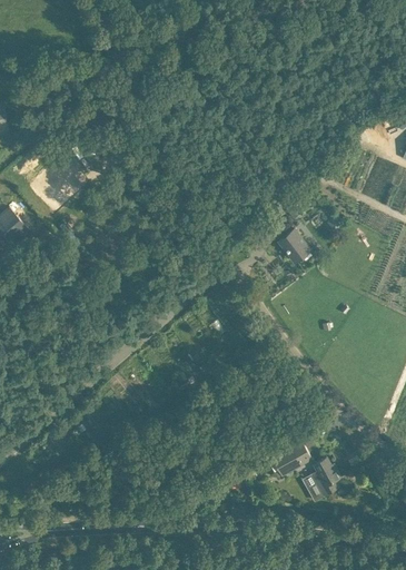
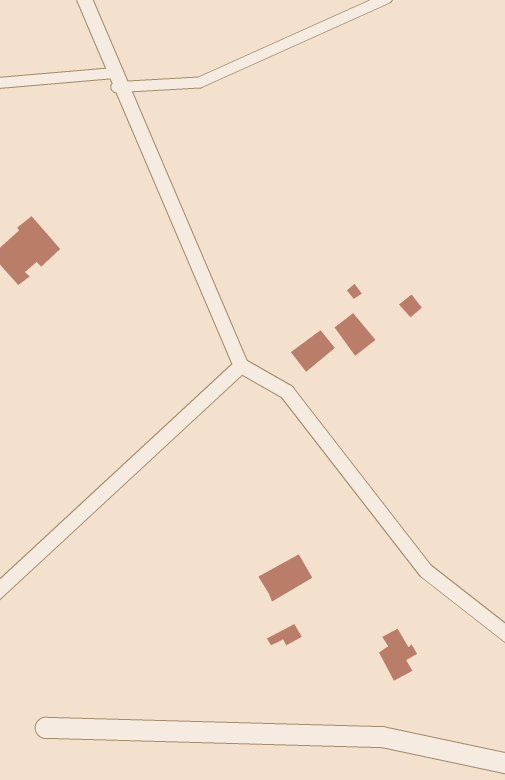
building: none -> [290,329,336,373]
building: [271,440,311,475] -> [258,553,313,603]

